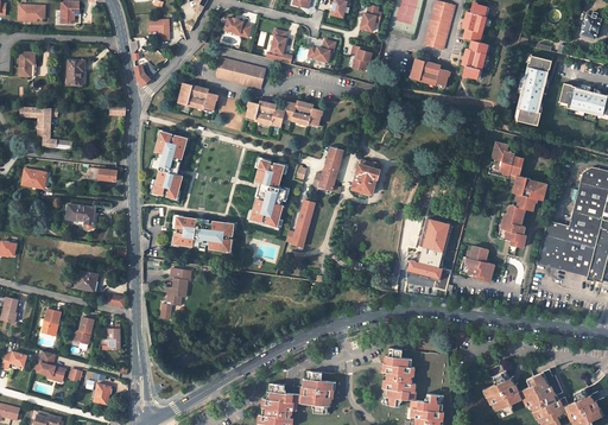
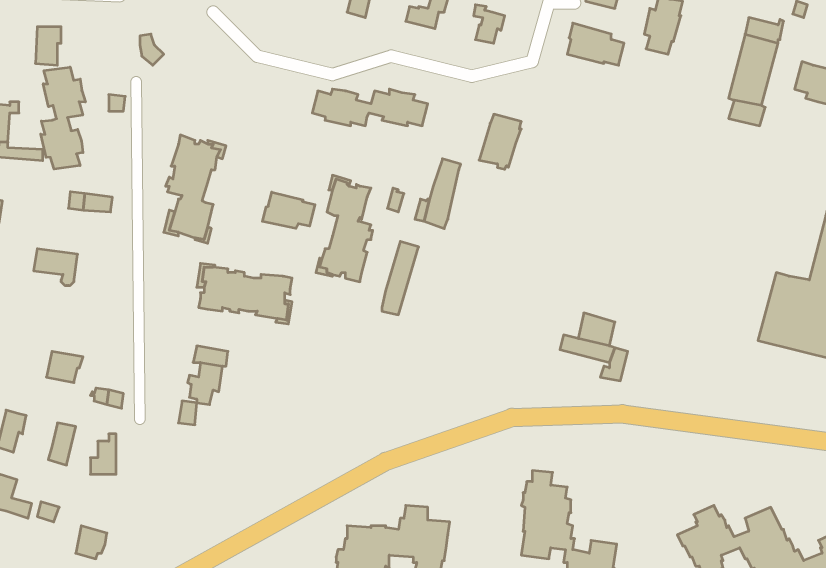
building: [216,58,265,88] -> none
building: [179,83,216,109] -> none
building: none -> [41,67,85,169]
building: [488,141,545,247] -> none
building: [352,159,379,195] -> [479,114,521,169]
building: none -> [262,192,315,228]
building: [422,218,449,252] -> none
building: [460,246,492,281] -> none

